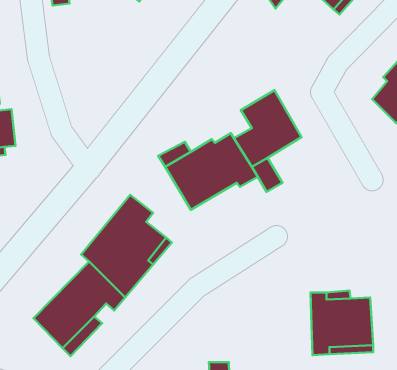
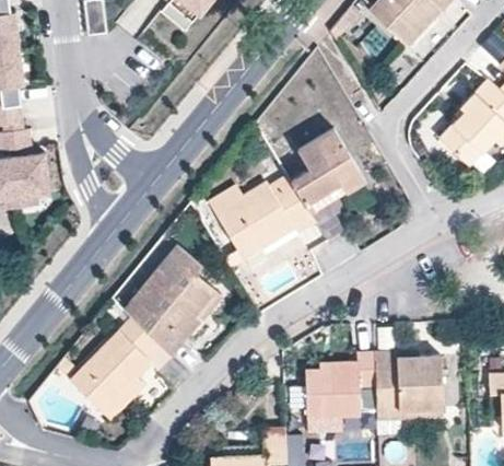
building: none -> [307,350,375,417]

